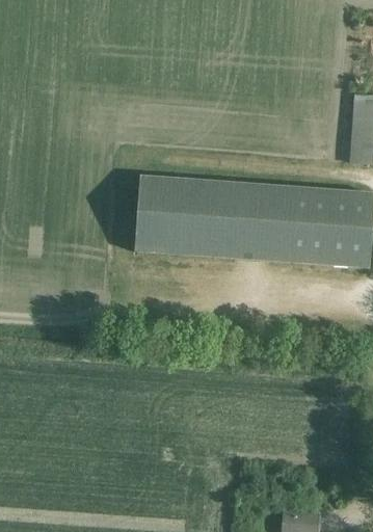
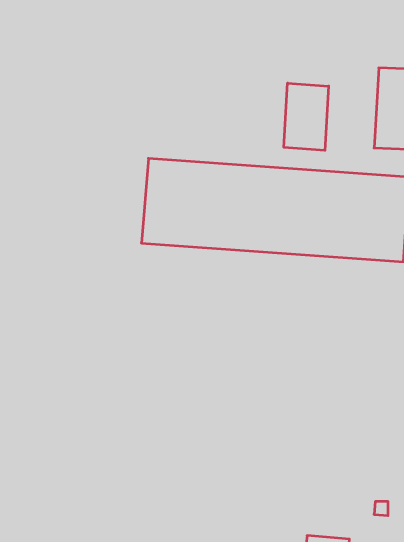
building: none -> [284,83,329,150]

